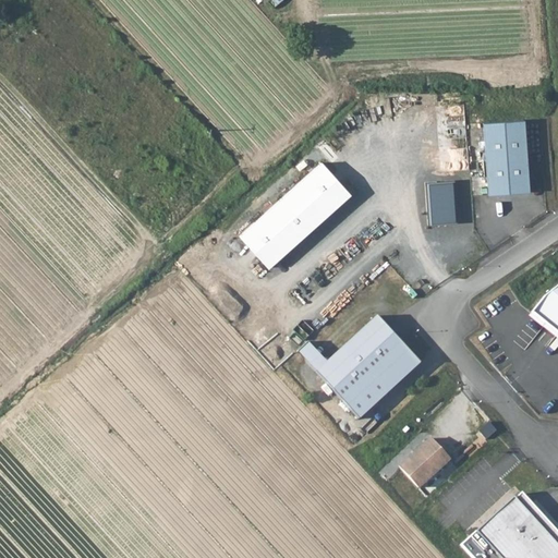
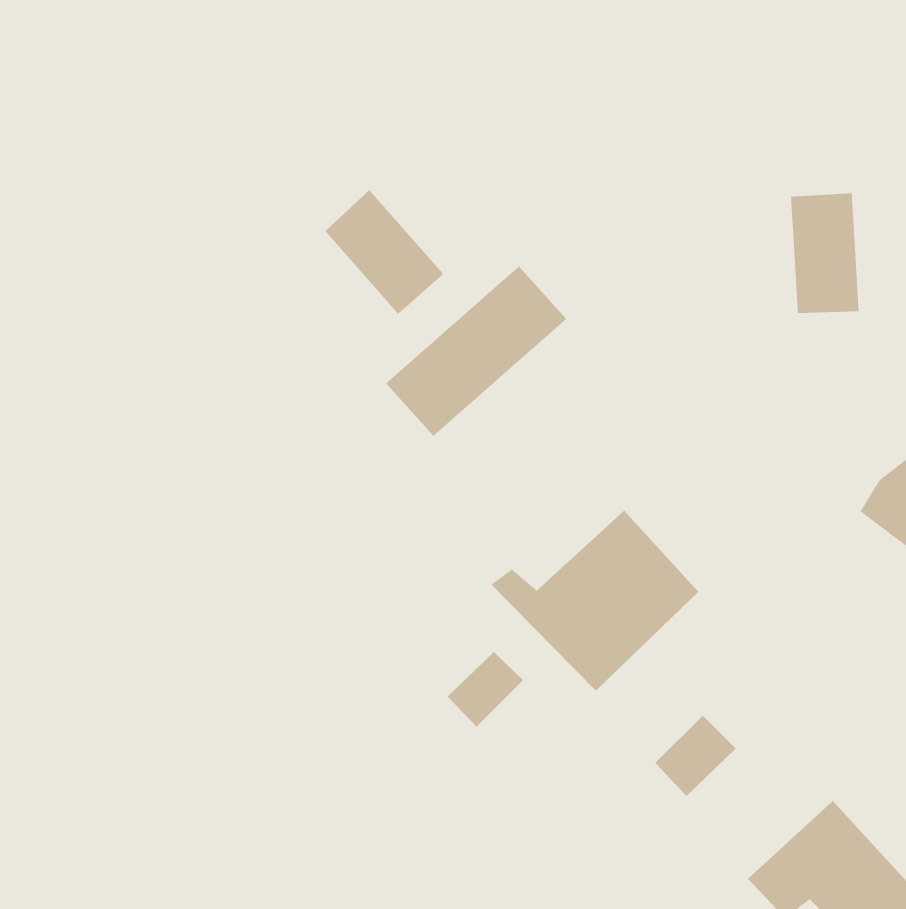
building: none -> [324,189,444,315]
building: [426,181,458,225] -> none
building: none -> [447,651,524,727]

